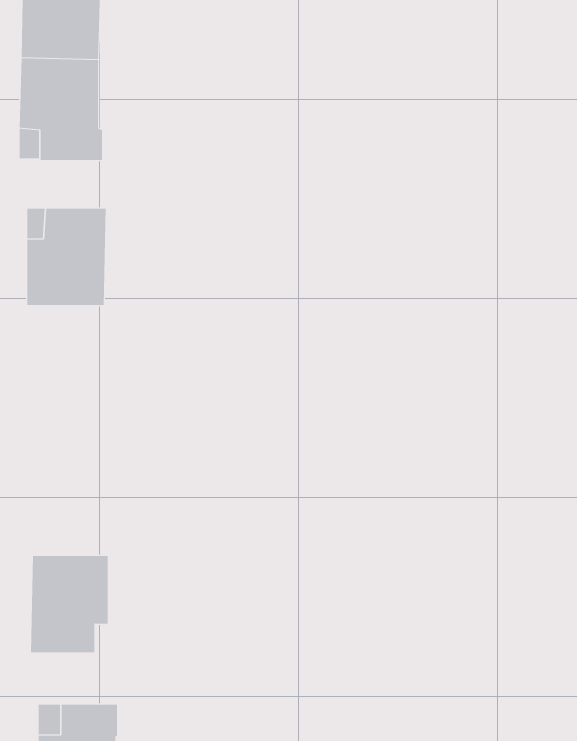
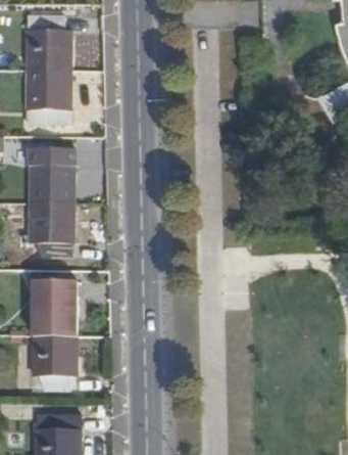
building: none -> [31,202,72,257]
building: none -> [34,283,77,336]

